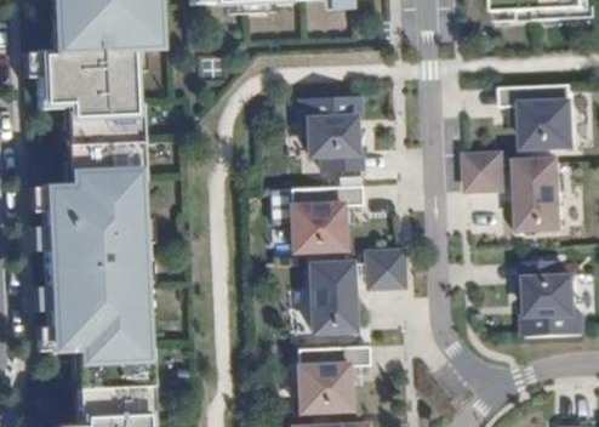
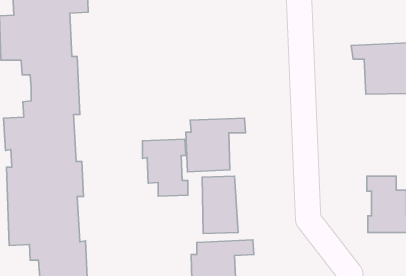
building: [298,97,358,172] -> [143,139,188,196]
building: [469,153,508,193] -> none
building: [517,161,565,234] -> none
building: [371,251,406,289] -> none

